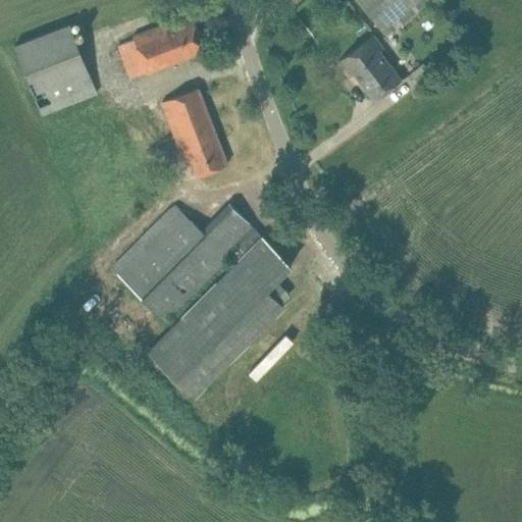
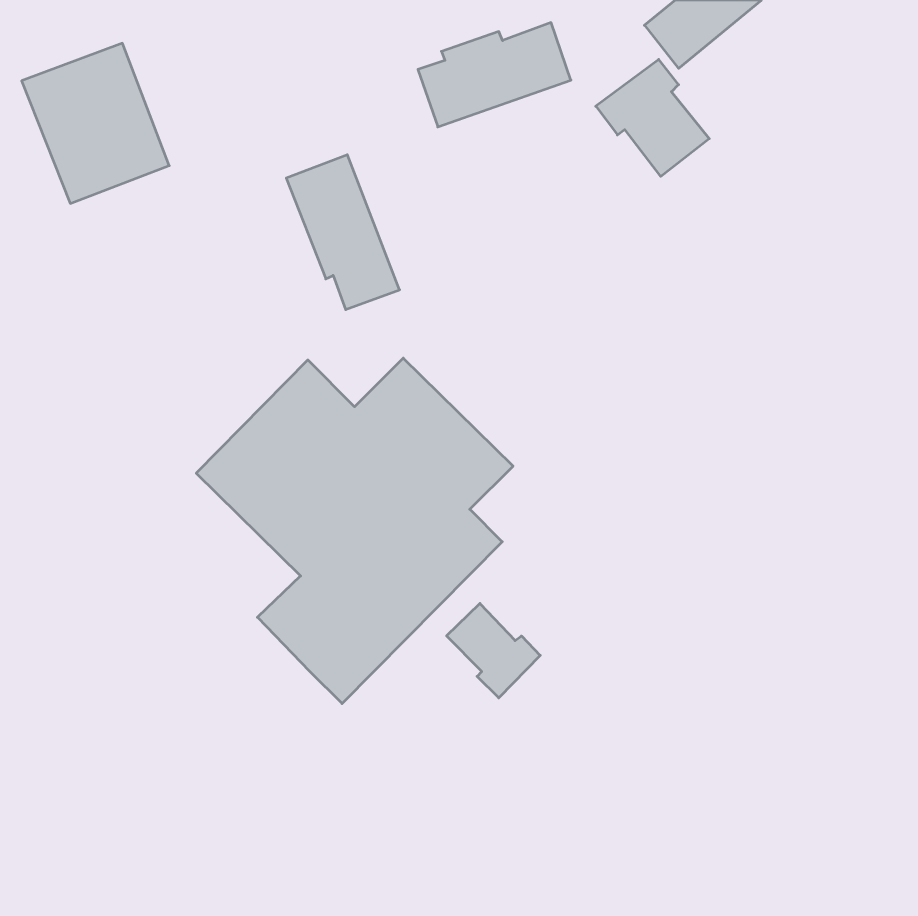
building: [117,19,204,79] -> [418,23,571,127]
building: none -> [447,603,540,698]

